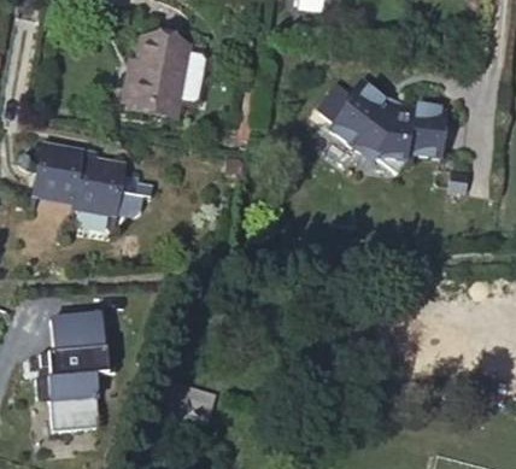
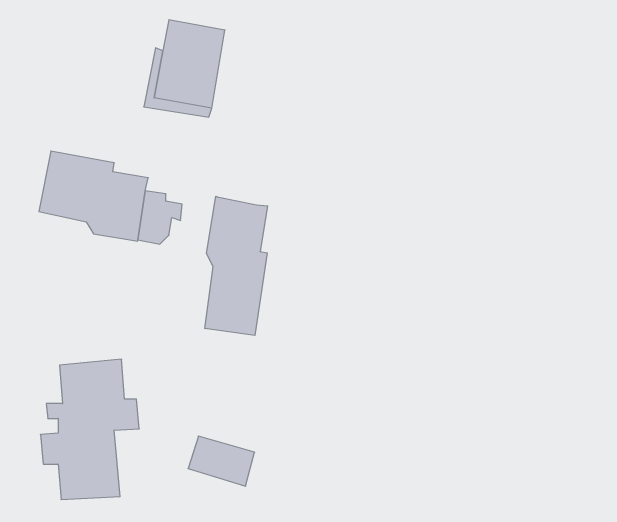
building: [329,74,446,166] -> none
building: none -> [205,196,268,335]

